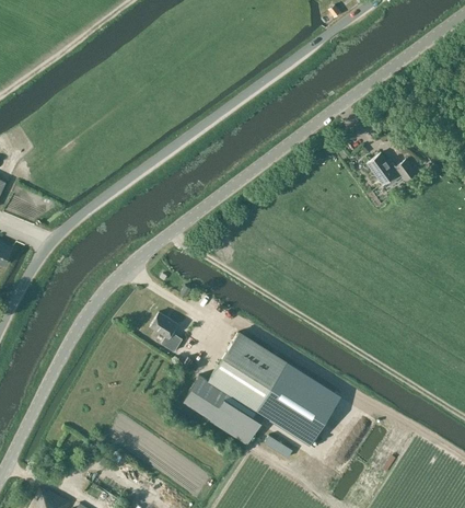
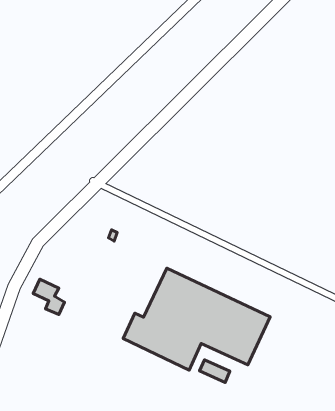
building: [367,153,416,185] -> none
building: [150,313,182,353] -> [33,279,65,314]

